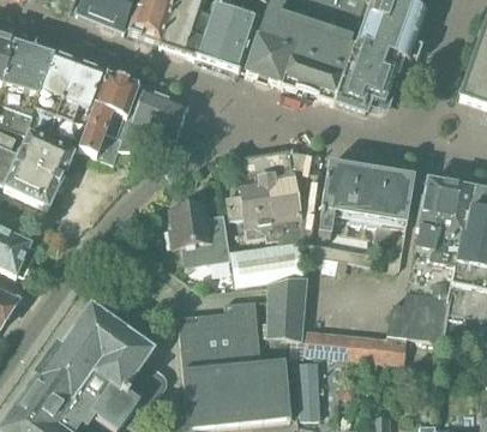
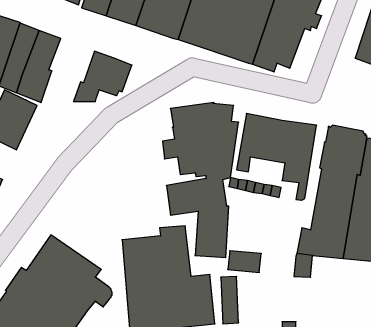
building: [79,71,144,161] -> none
building: [169,199,230,260] -> none
building: [344,331,389,359] -> none

